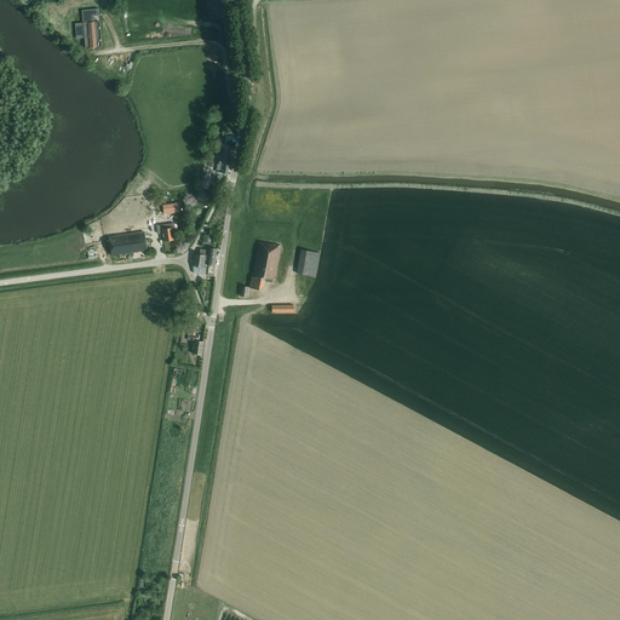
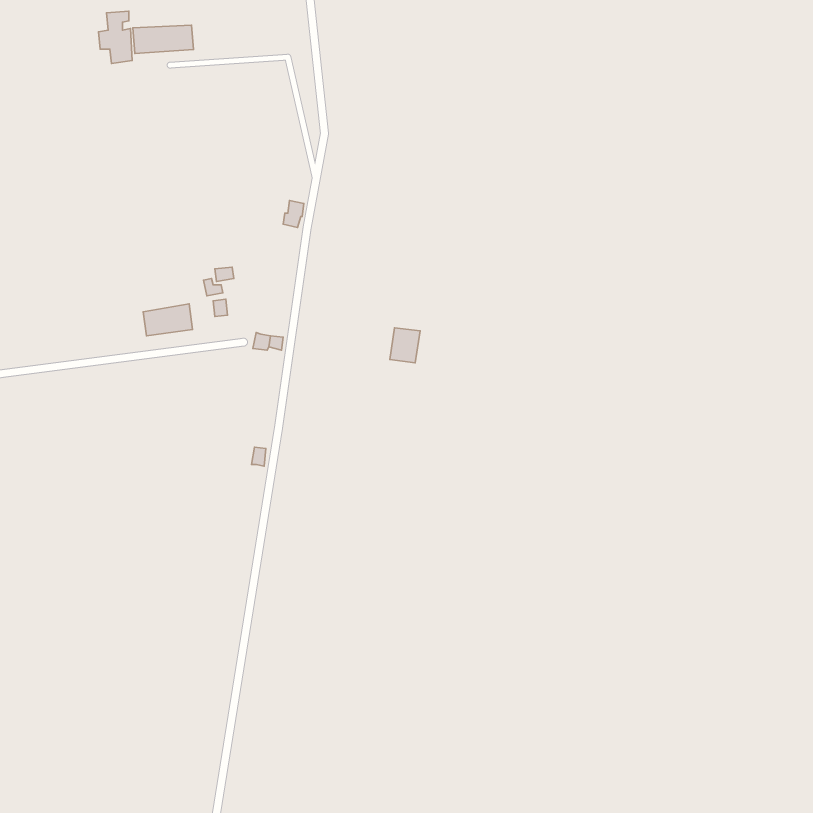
building: none -> [133,25,193,54]
building: [249,241,281,291] -> none

